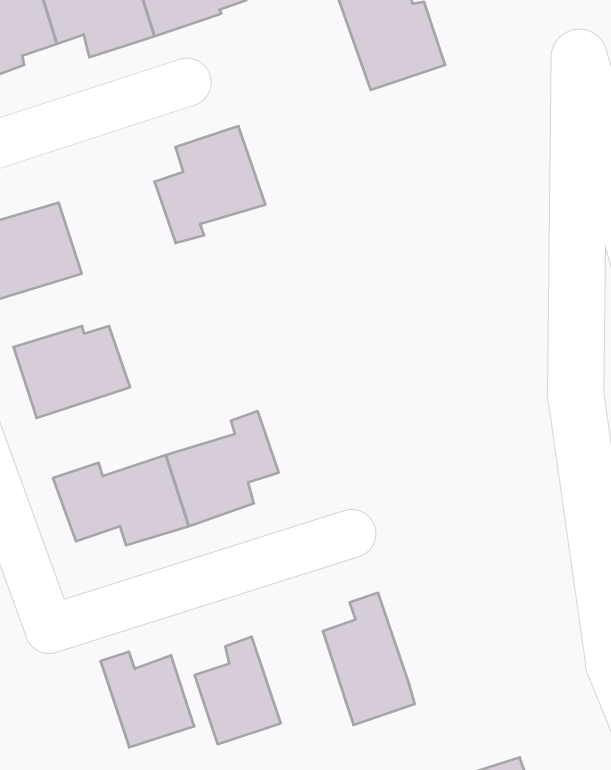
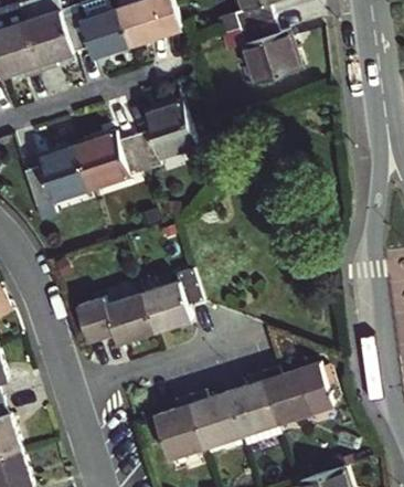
building: [13,326,130,418] -> [76,134,143,187]
building: none -> [261,358,349,423]
building: [100,652,194,747] -> [188,391,242,446]

